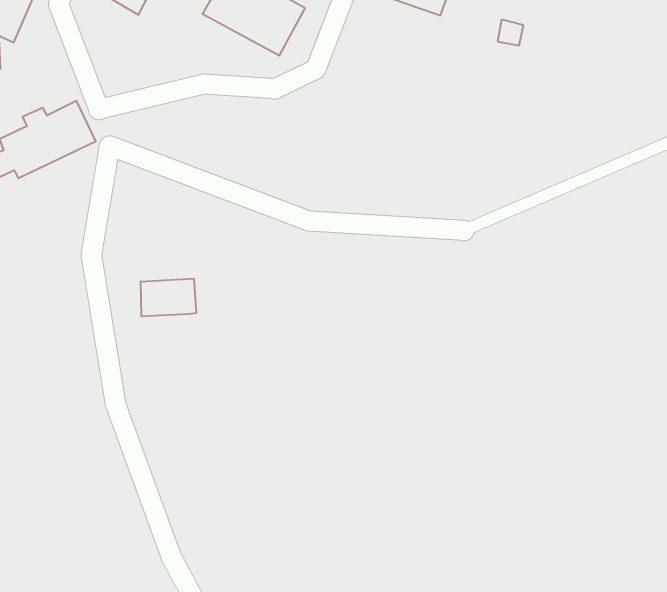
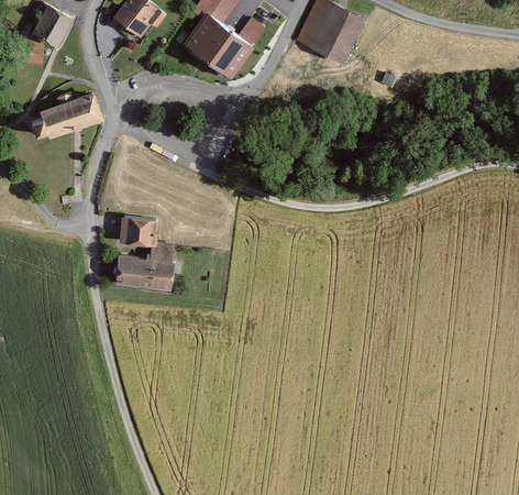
building: none -> [114,243,173,289]

